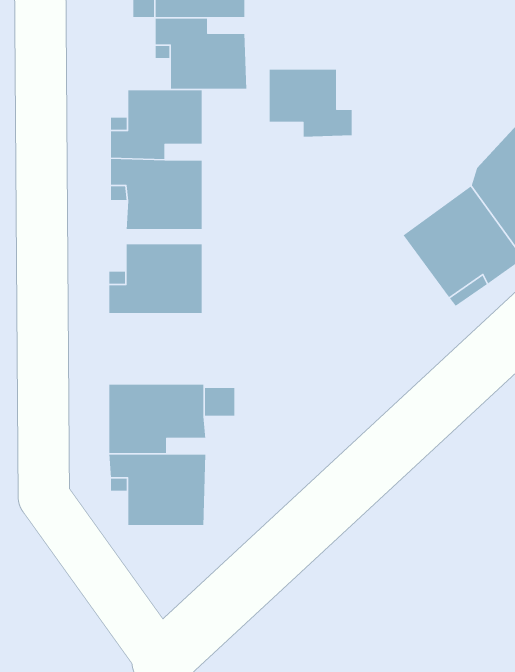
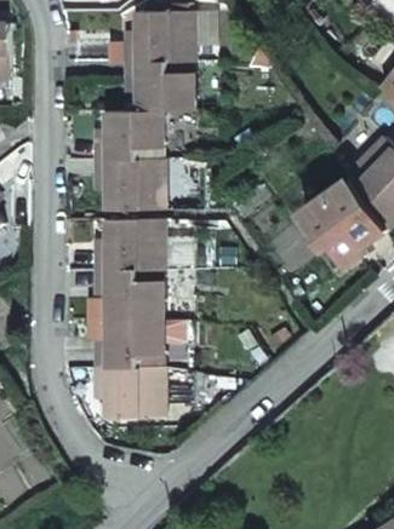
building: [269,69,352,137] -> none
building: none -> [93,270,161,320]

